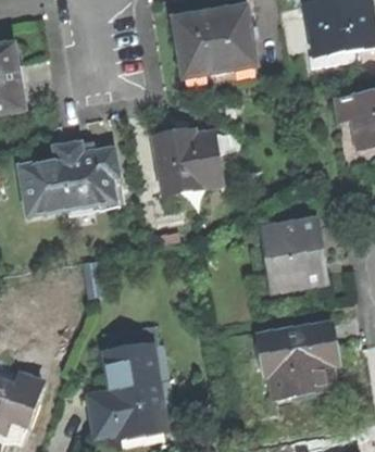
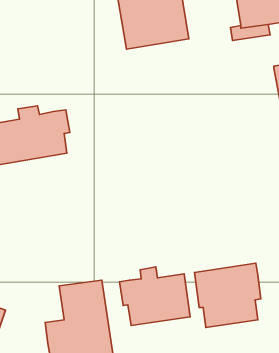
building: [151,125,225,193] -> none
building: [262,221,322,288] -> none
building: none -> [120,267,190,326]

